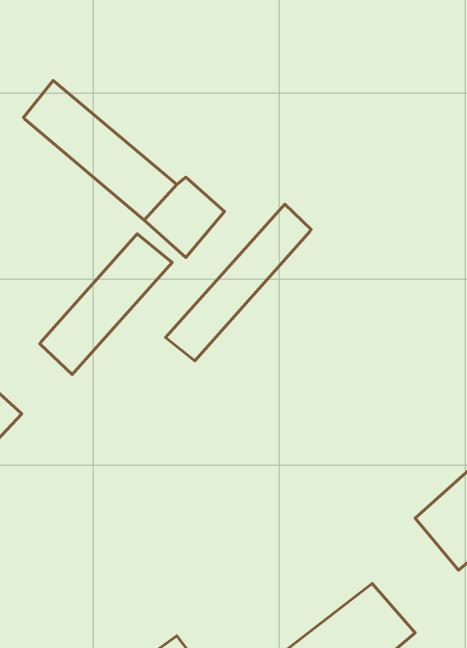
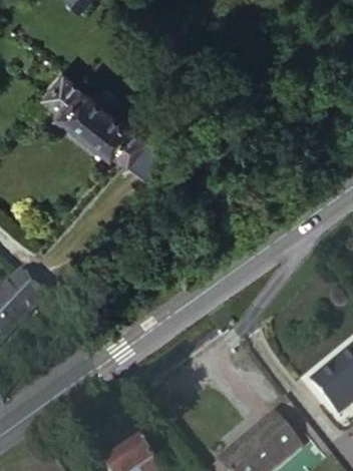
building: [166,204,311,361] -> none
building: [40,234,172,374] -> none

